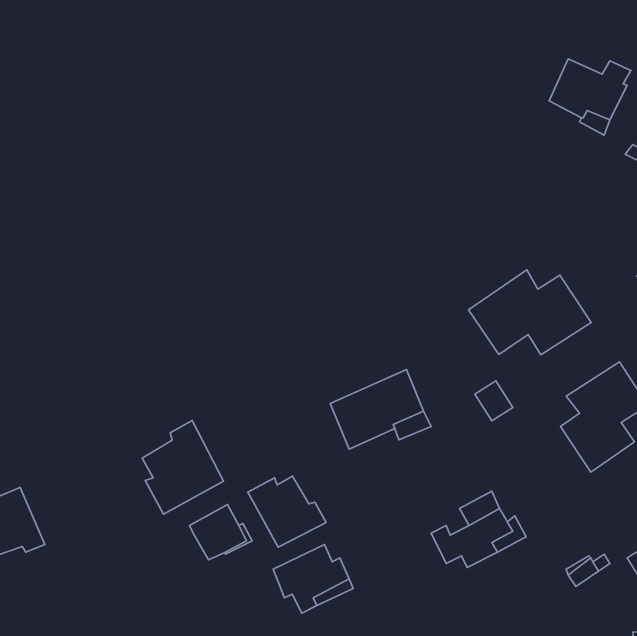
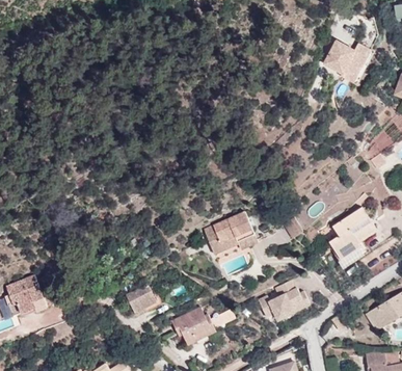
building: [468,270,591,355] -> none
building: [142,421,224,514] -> none
building: [248,476,326,547] -> none

